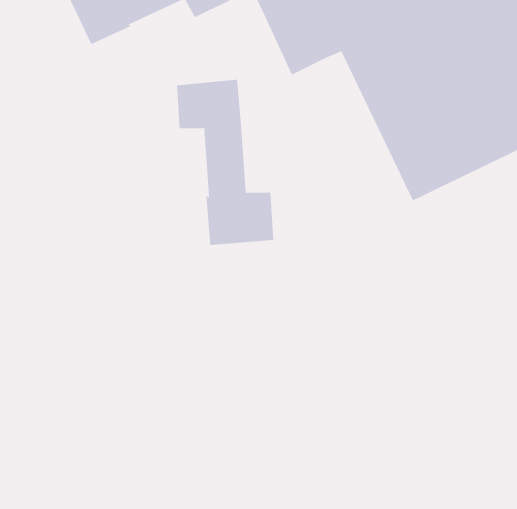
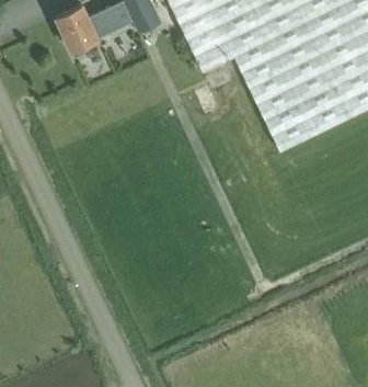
building: [176,79,274,246] -> none

